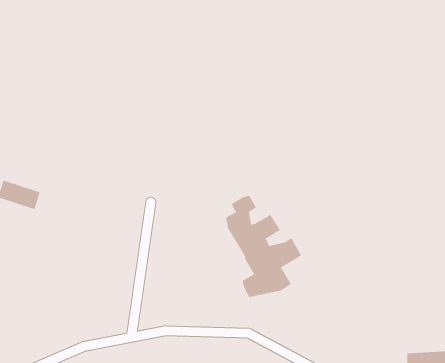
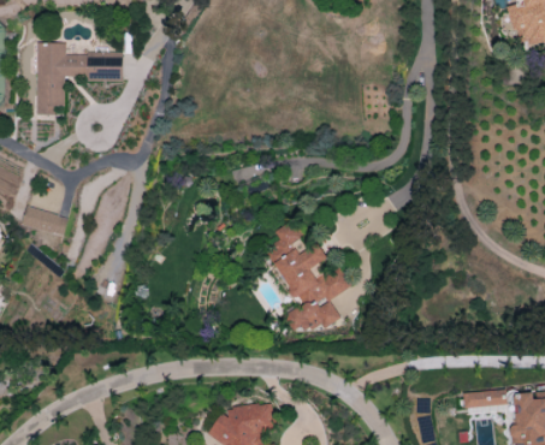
building: none -> [36,42,122,114]

